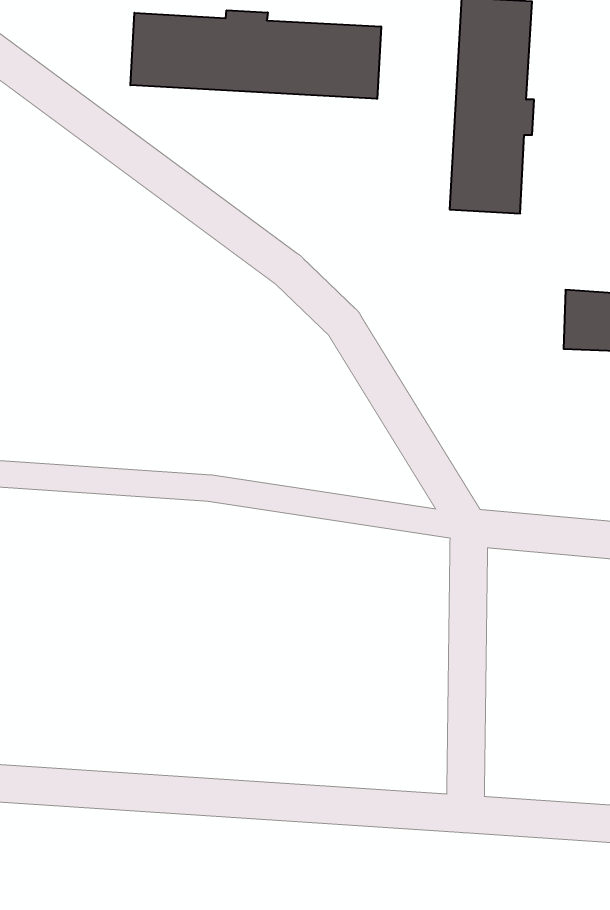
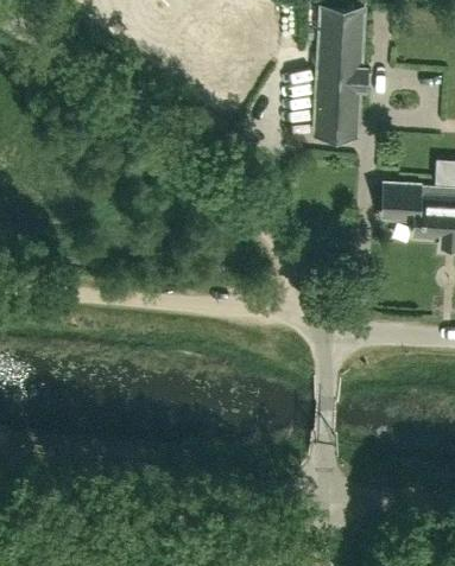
building: [130,10,381,99] -> none

